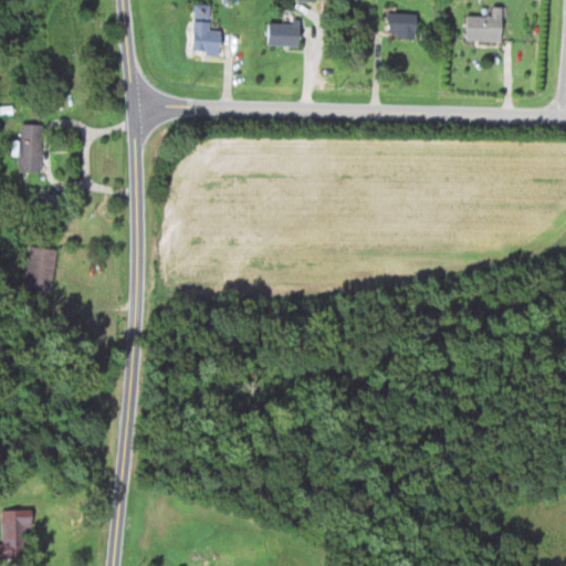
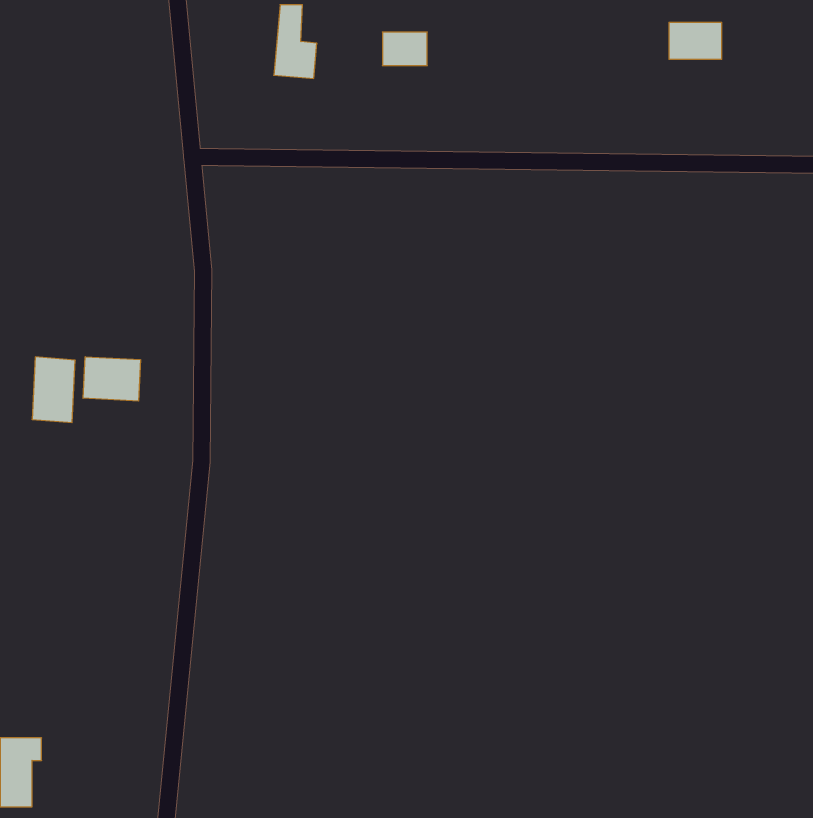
building: [387,13,416,36] -> none
building: [20,124,41,170] -> none
building: none -> [83,357,140,401]

